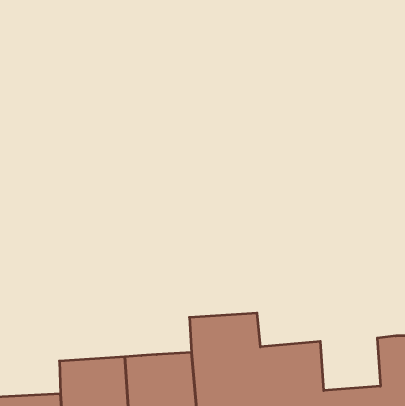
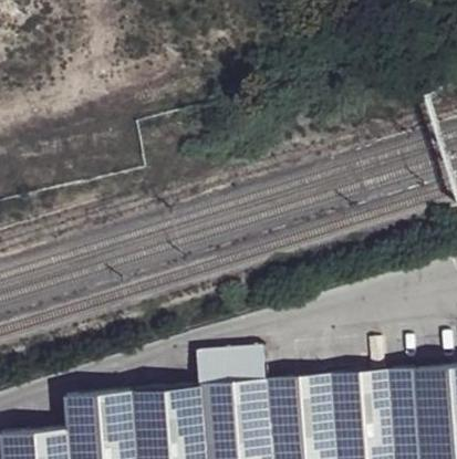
building: none -> [332,371,393,424]

